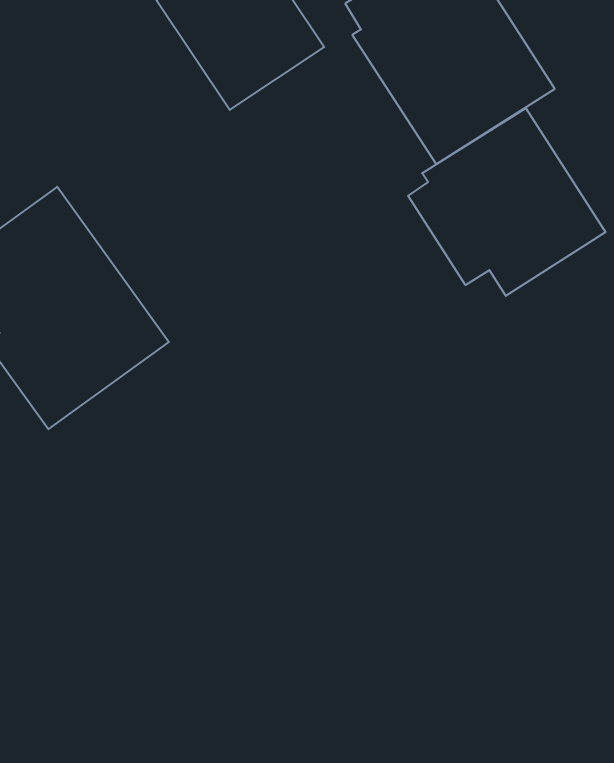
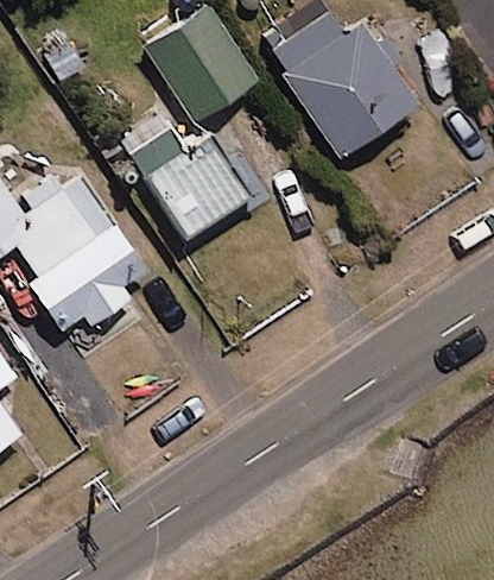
building: [408,108,606,296] -> none
building: none -> [113,130,251,240]

